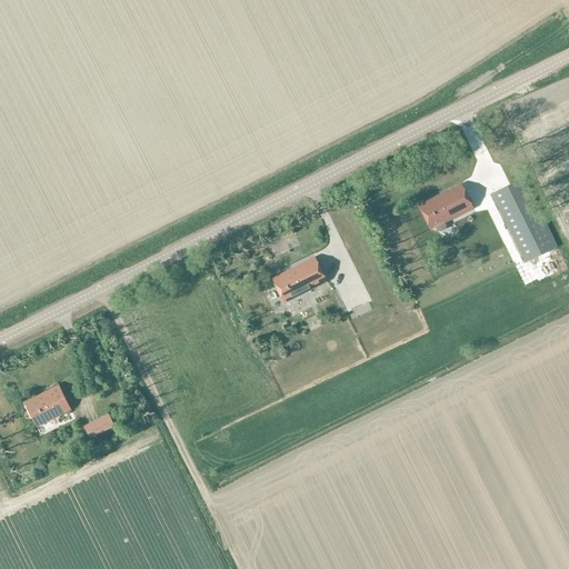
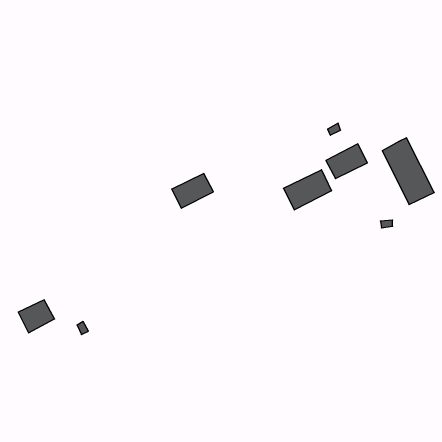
building: none -> [283,170,331,210]
building: [271,258,325,302] -> [172,174,213,208]

